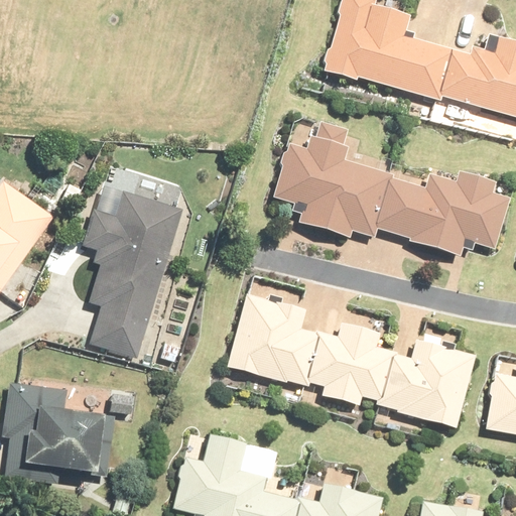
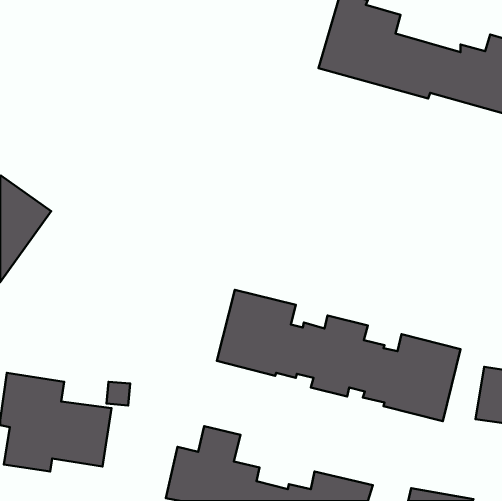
building: [271,123,510,252] -> none
building: [82,190,183,358] -> none

